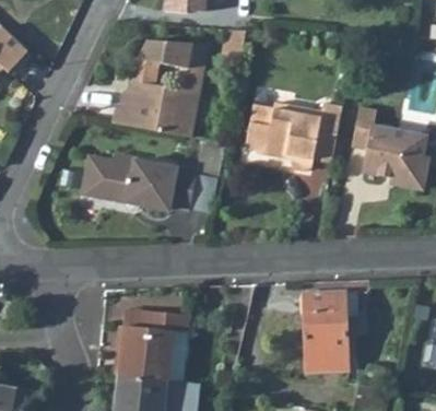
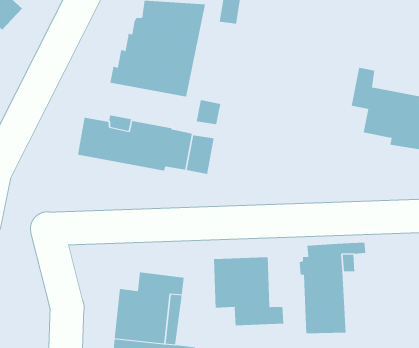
building: [246,103,342,172] -> none
building: none -> [213,257,284,326]

